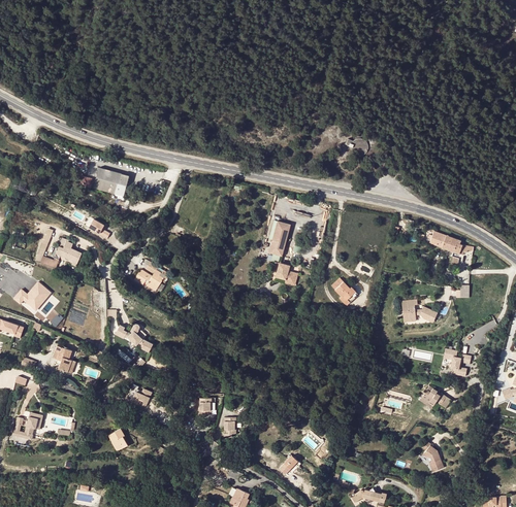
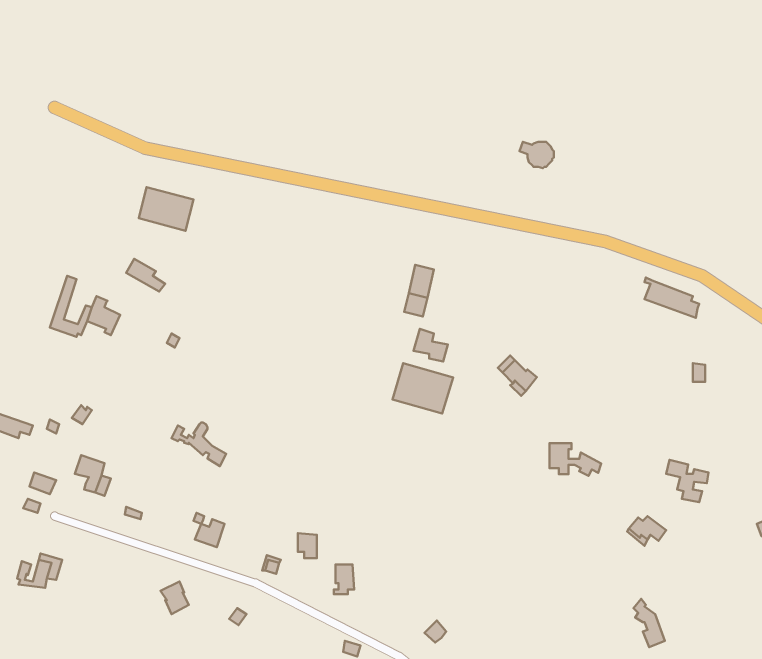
building: [134,262,170,290] -> none
building: [12,280,50,309] -> none
building: none -> [392,363,453,414]
building: [402,300,437,322] -> [550,443,601,476]

